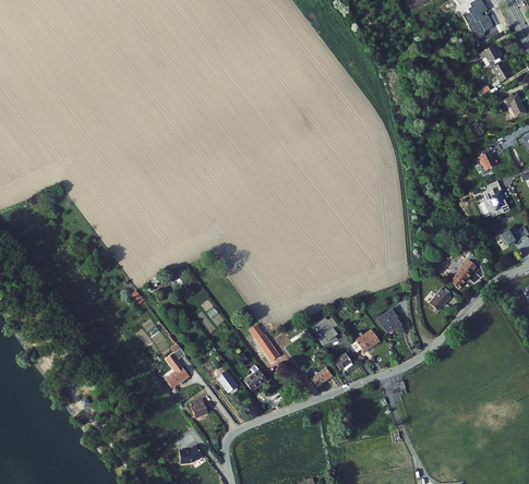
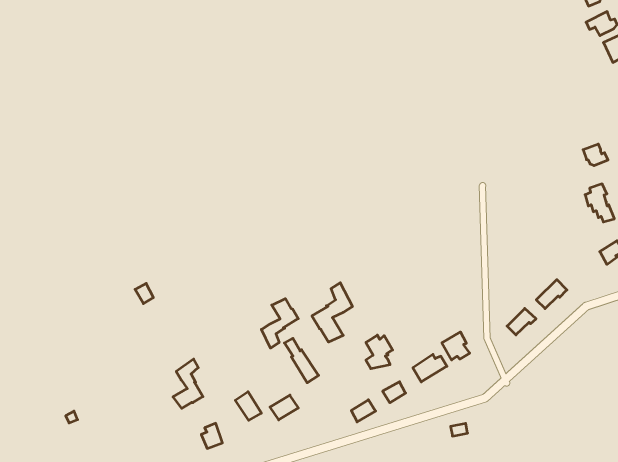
building: none -> [312,283,352,342]
building: none -> [261,299,298,348]

